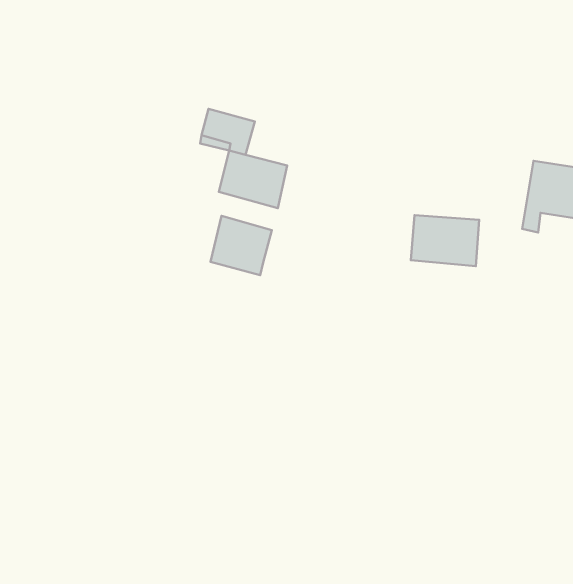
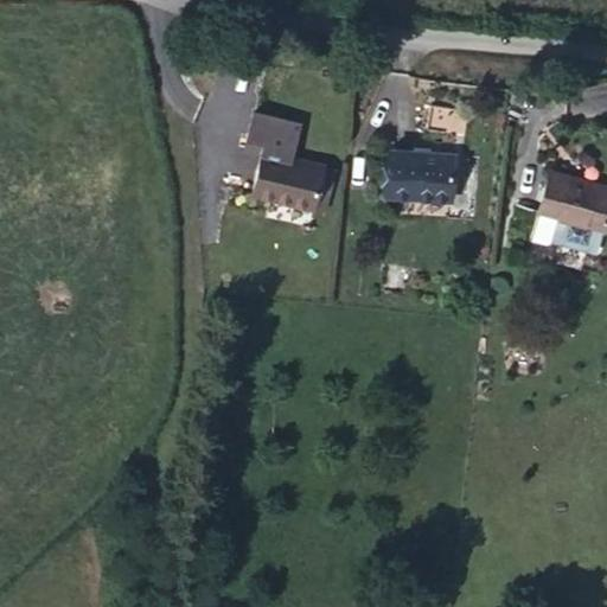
building: [411,215,479,266] -> [373,151,443,203]
building: [211,216,272,275] -> none

